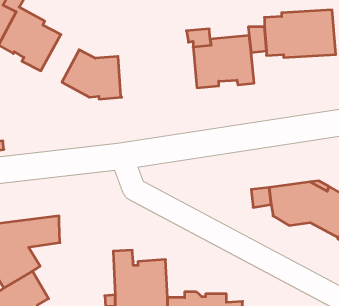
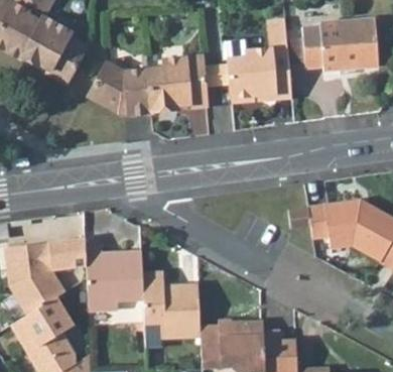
building: none -> [148,54,207,111]
building: none -> [86,245,144,312]

